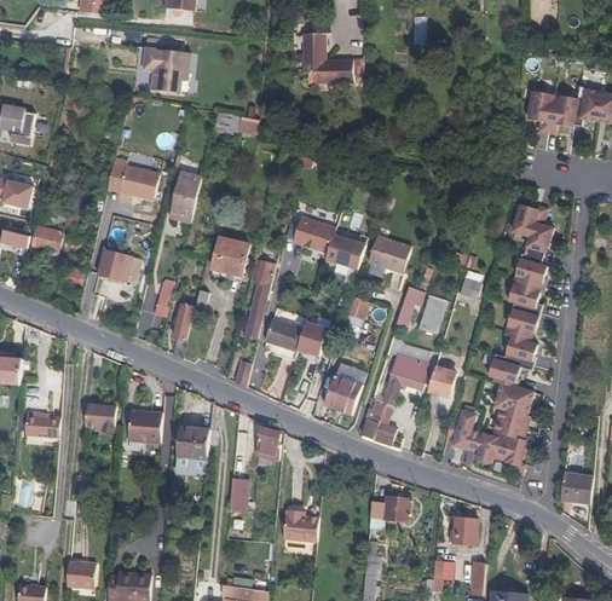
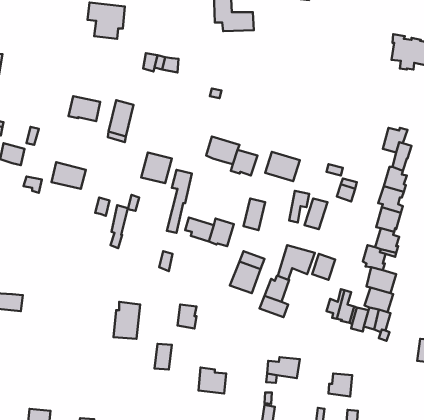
building: [85,403,116,428] -> none
building: [128,410,161,443] -> none

